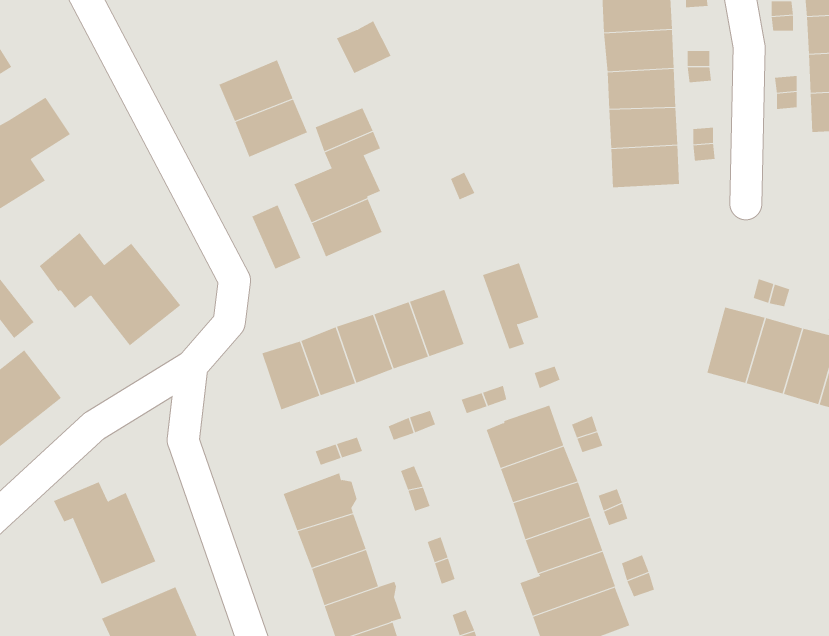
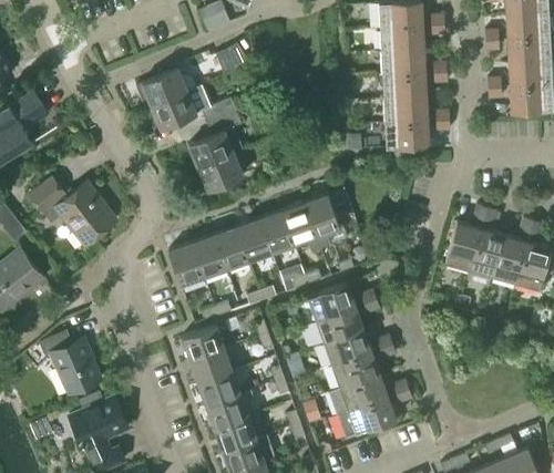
building: [252,204,301,270] -> none
building: none -> [281,203,321,254]

